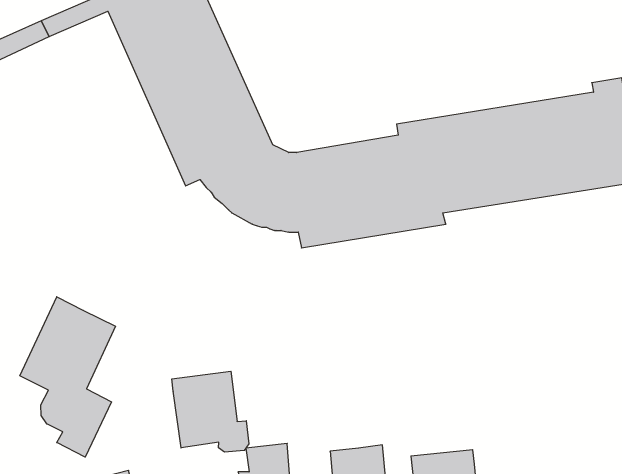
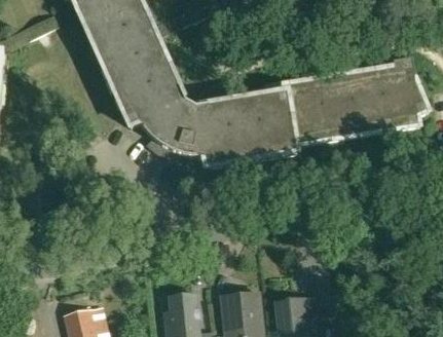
building: [20,297,116,457] -> none
building: [172,371,249,452] -> none

